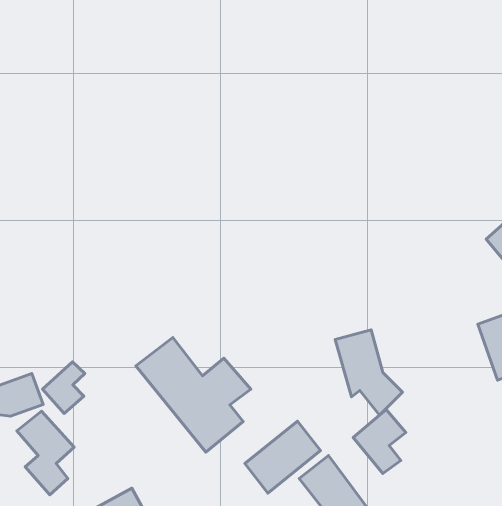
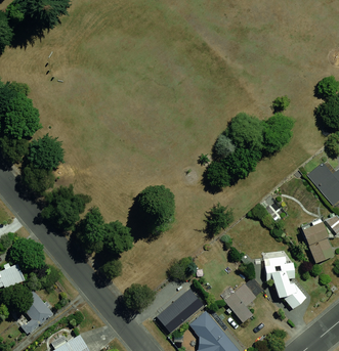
building: [335,330,402,415] -> [265,256,307,309]
building: [136,337,251,452] -> none
building: [43,362,85,414] -> none

